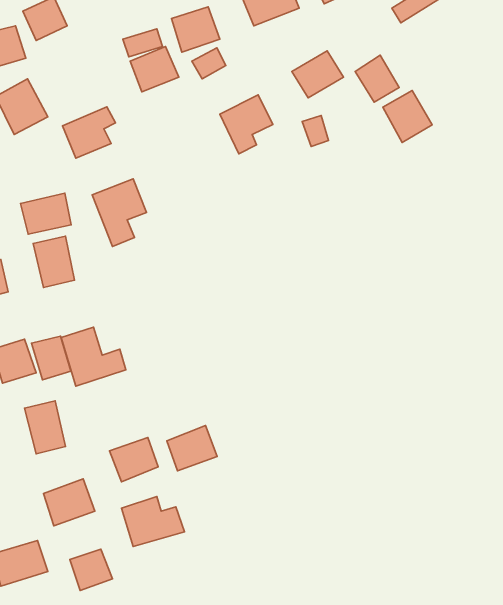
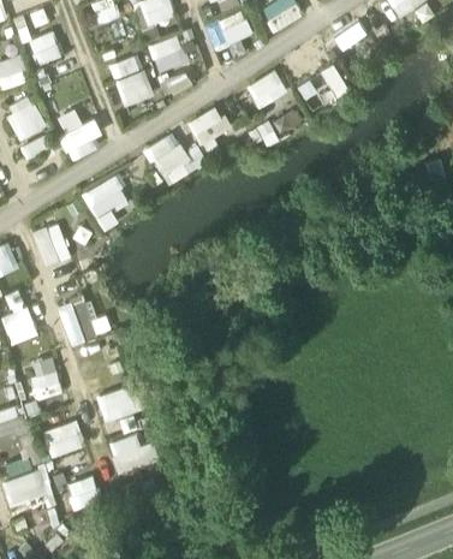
building: [383,91,432,143] -> none
building: none -> [144,131,190,186]
building: [20,193,71,234] -> none
building: [31,336,71,380] -> none
building: [167,425,217,471] -> none

